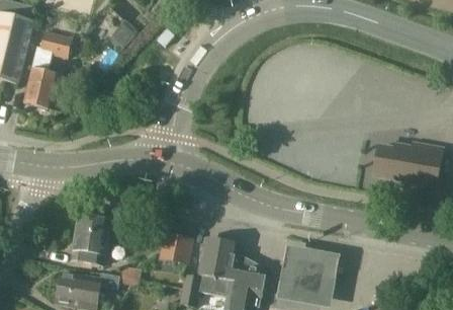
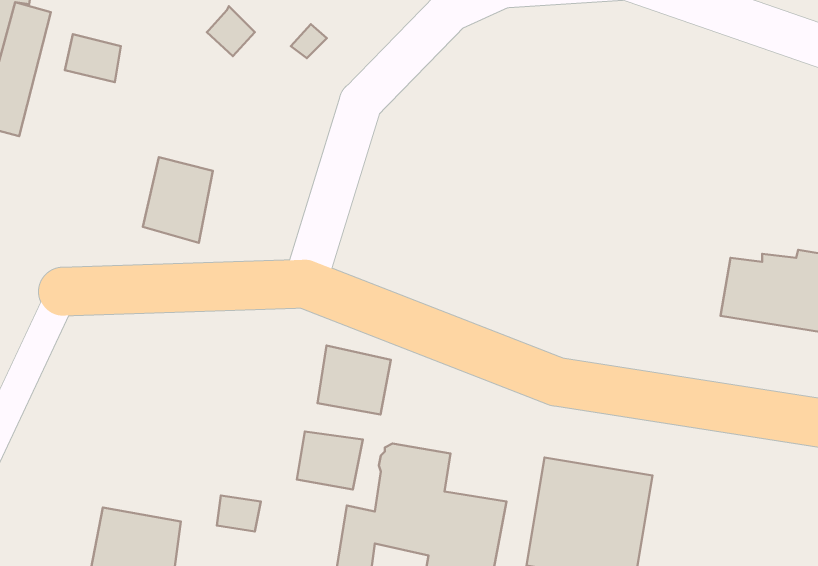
building: [23,68,59,111] -> [143,157,213,243]
building: none -> [317,345,391,415]
building: [70,214,110,265] -> none

